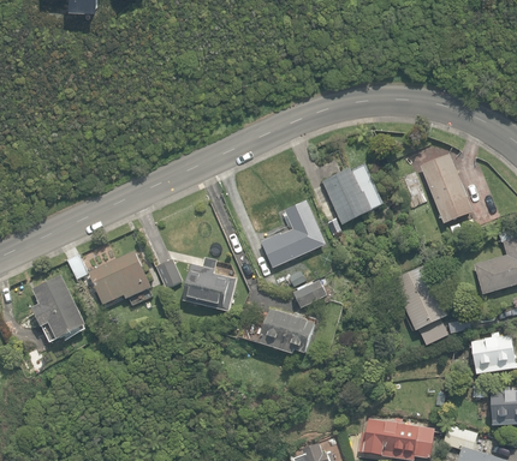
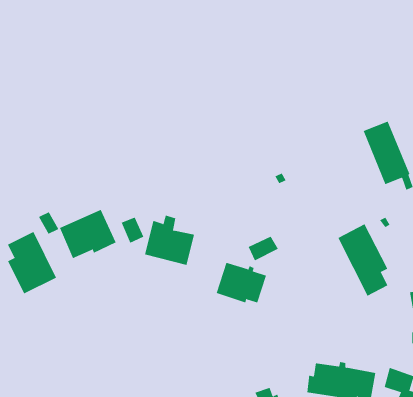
building: [322,167,384,224] -> none
building: [261,200,326,268] -> none

